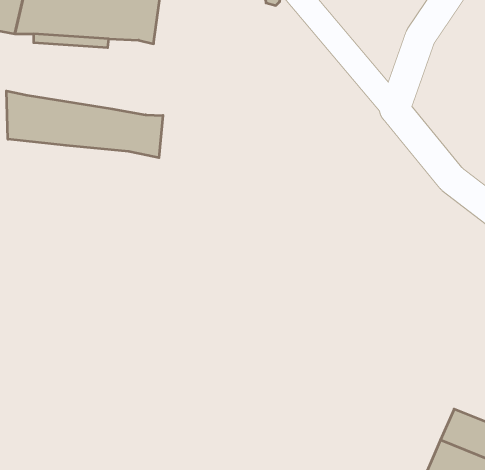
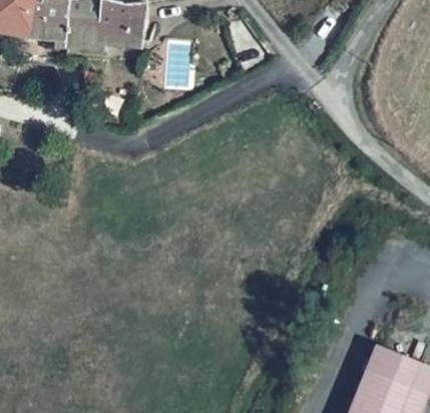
building: [6,91,163,158] -> none

